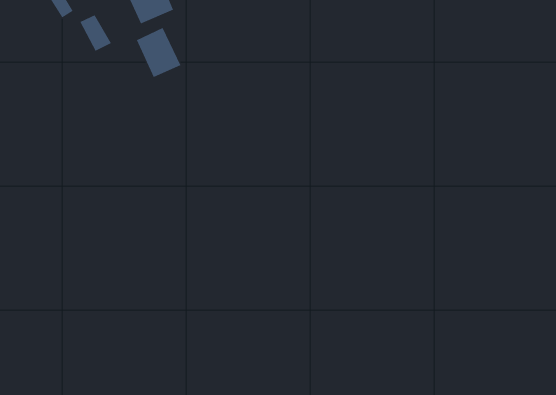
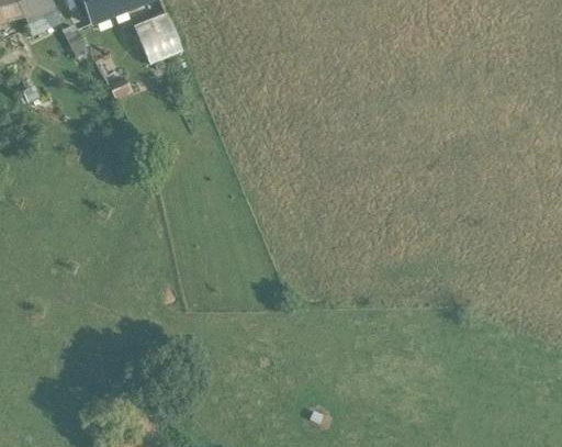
building: [136,27,181,78] -> none

